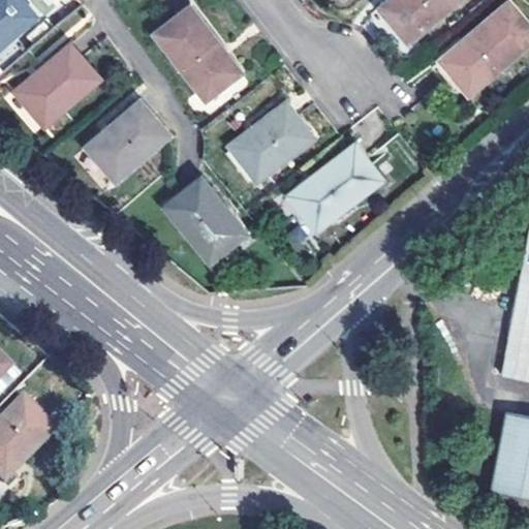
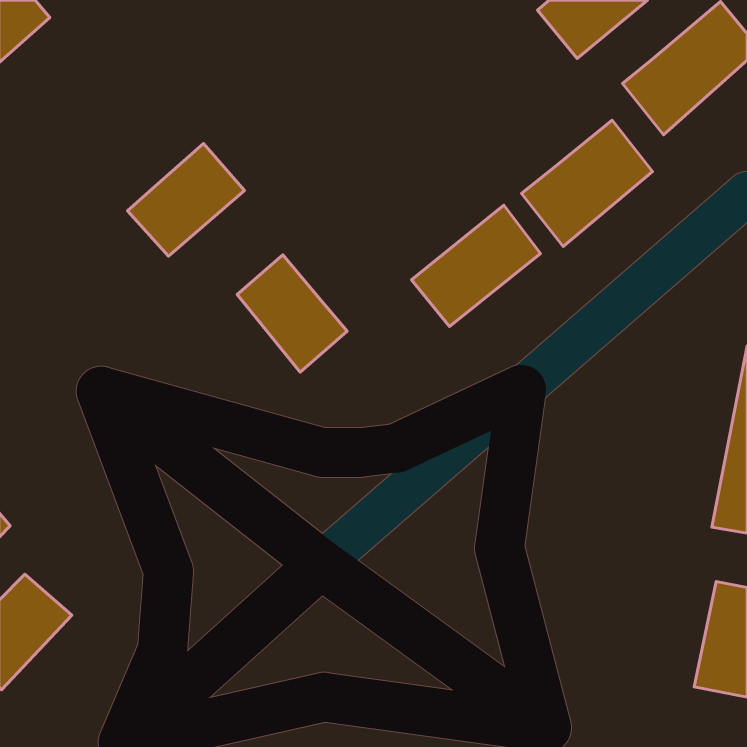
building: [154,7,239,99] -> none
building: [17,43,99,123] -> none
building: none -> [522,120,652,247]
building: [230,103,314,183] -> none

